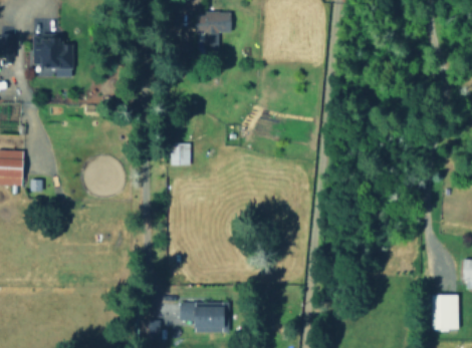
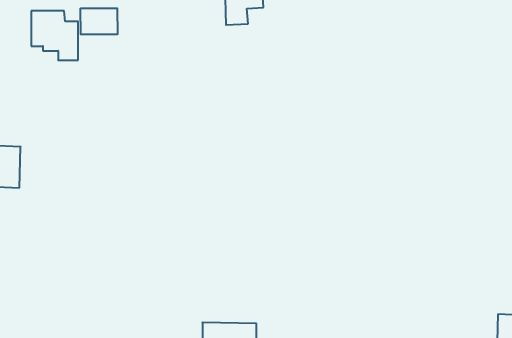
building: none -> [81,8,117,34]
building: [169,143,190,166] -> none

